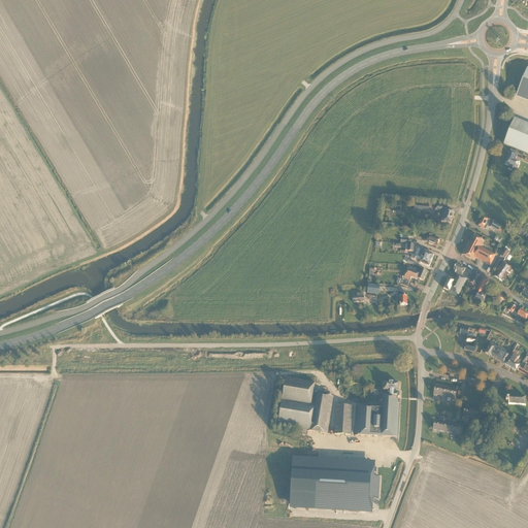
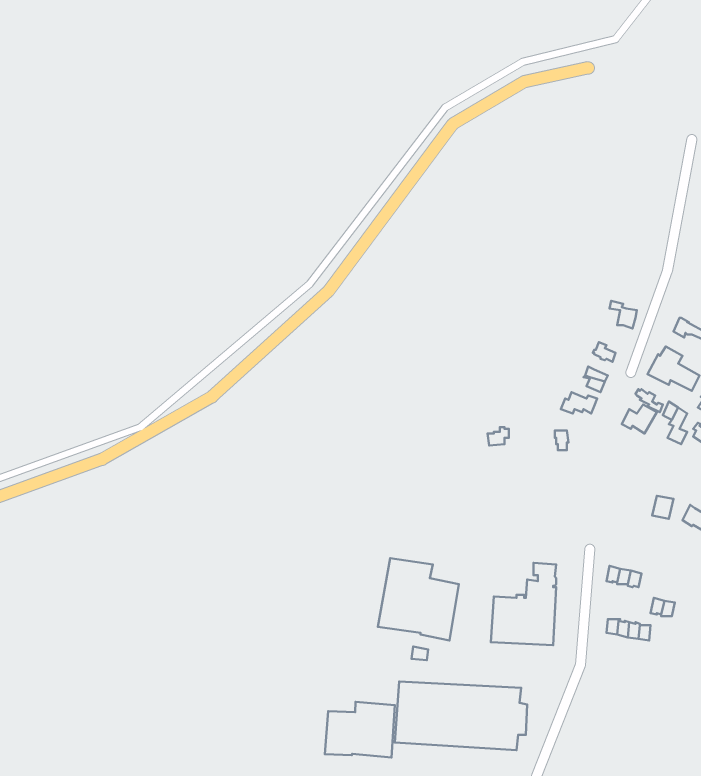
building: [333,403,352,435] -> none
building: none -> [325,702,395,758]

